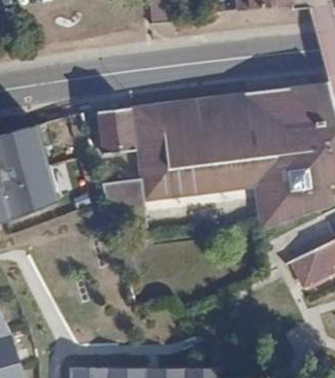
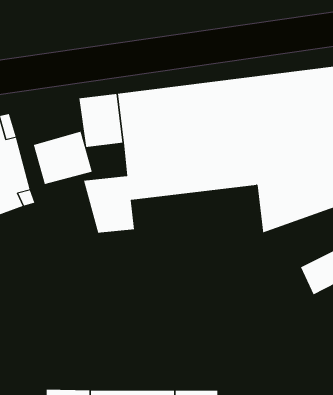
building: none -> [33,131,93,185]

